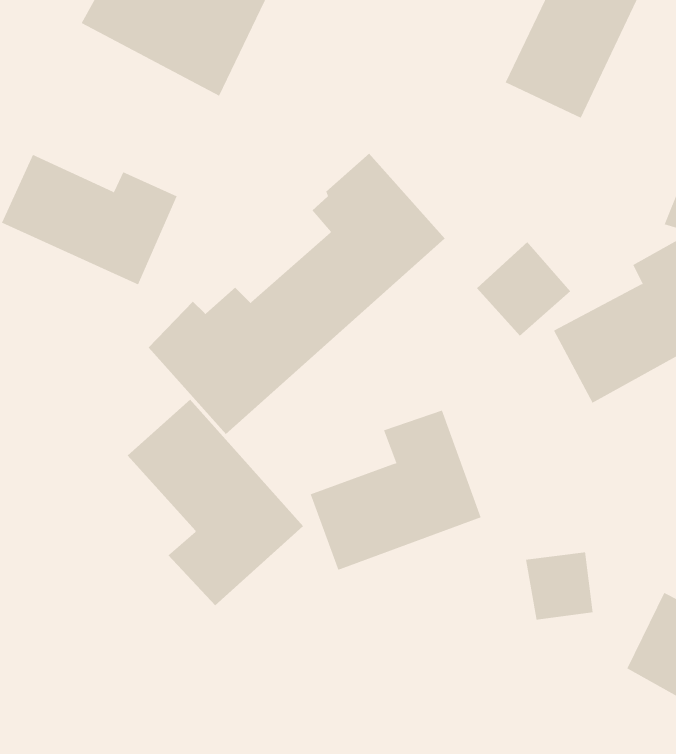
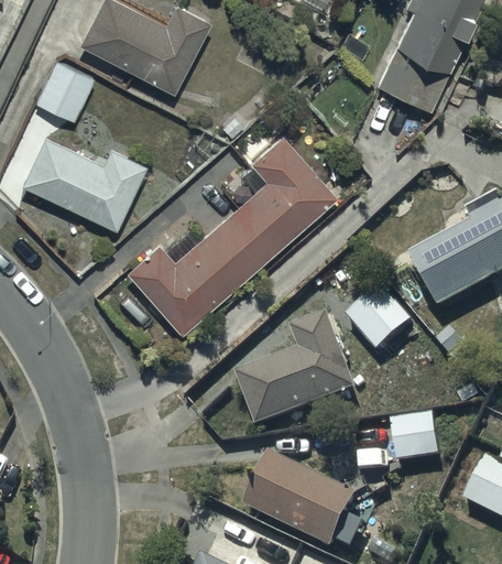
building: none -> [35,61,95,120]
building: [476,241,571,336] -> [349,288,416,355]
building: [127,399,304,606] -> none
building: none -> [247,457,361,553]

